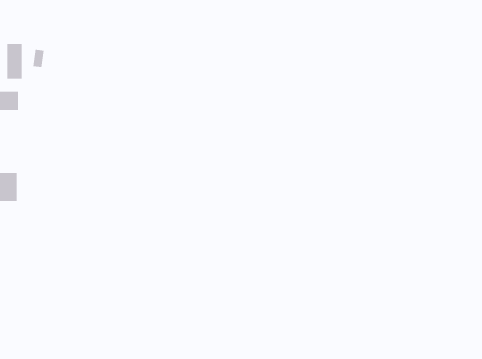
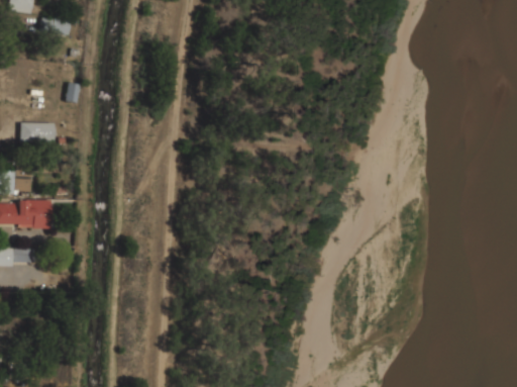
building: [7,43,22,80] -> none

